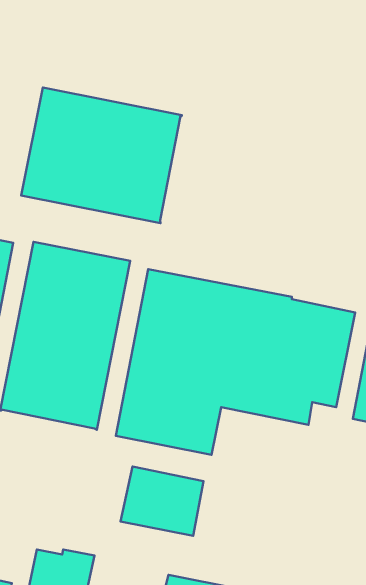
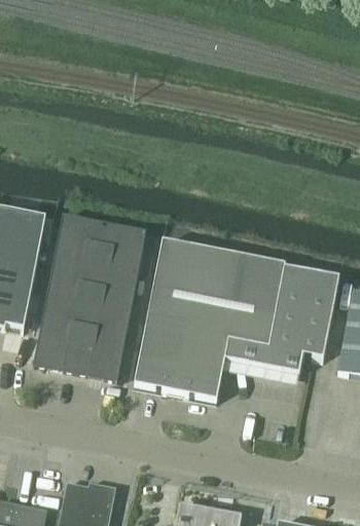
building: [21,87,182,223] -> none
building: [121,466,204,536] -> none

